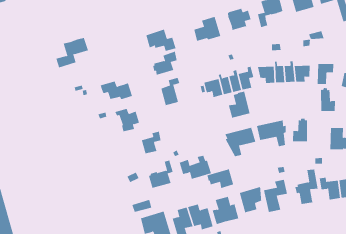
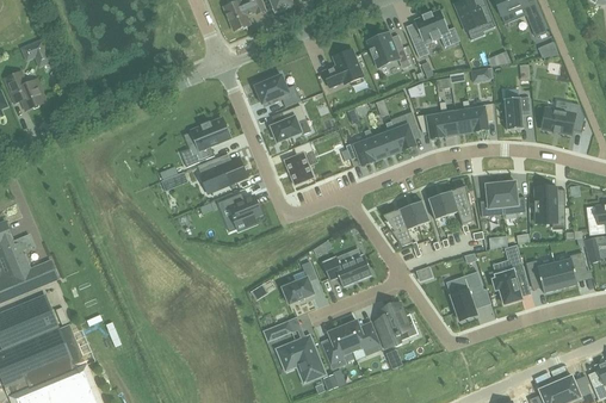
building: [55,38,89,68] -> [183,119,229,167]
building: [320,88,336,111] -> [500,179,525,213]
building: [228,91,250,118] -> none
building: [141,131,161,154] -> none
building: [207,169,234,189] -> none
building: [239,186,262,213] -> none

